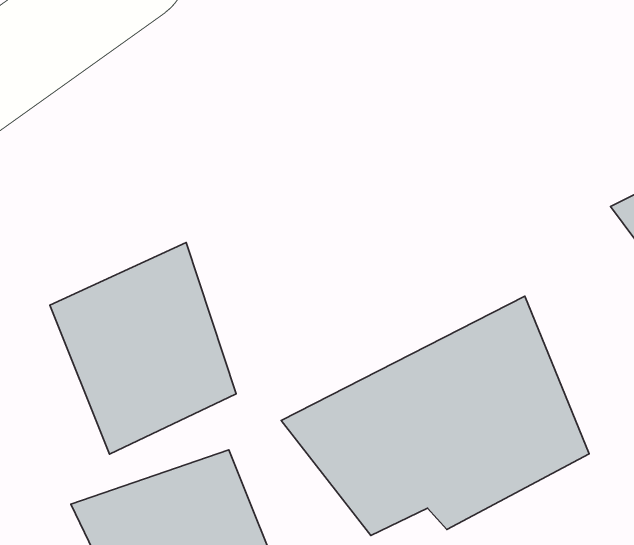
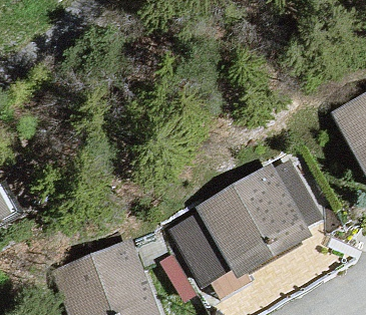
building: [50,242,236,454] -> none

